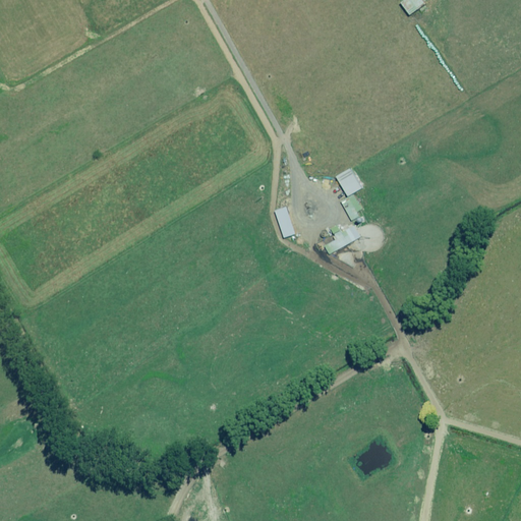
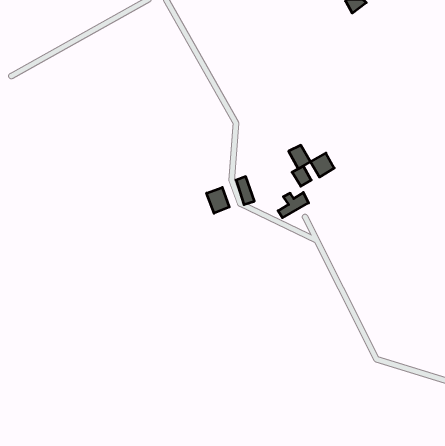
building: none -> [310,153,334,177]
building: none -> [207,187,229,213]

